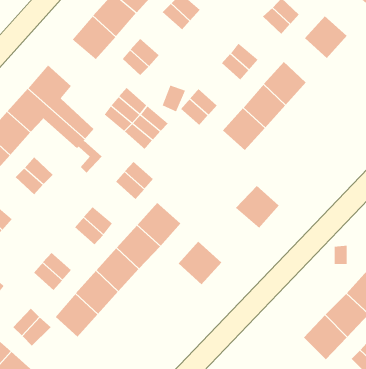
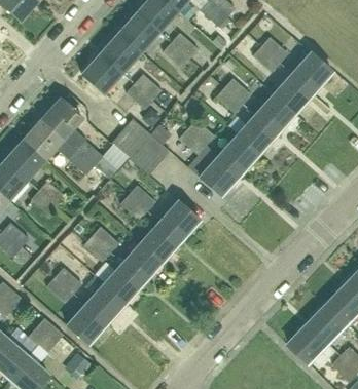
building: none -> [273,74,312,114]
building: [235,185,280,228] -> [198,157,238,196]
building: [178,241,222,285] -> [158,201,199,241]

